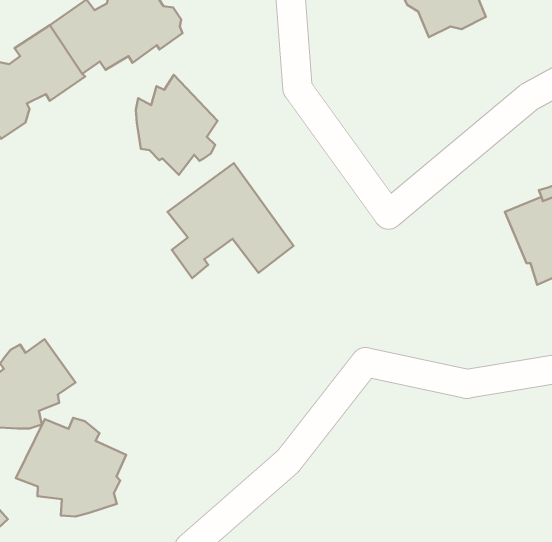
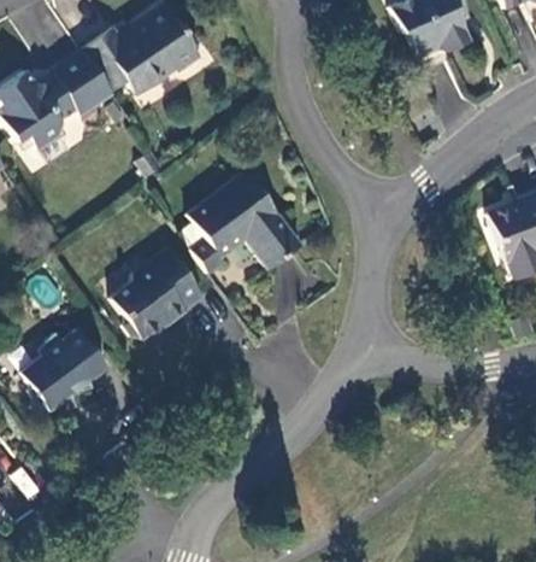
building: [136,75,218,175] -> none
building: none -> [112,246,205,335]
building: [16,418,126,516] -> none

